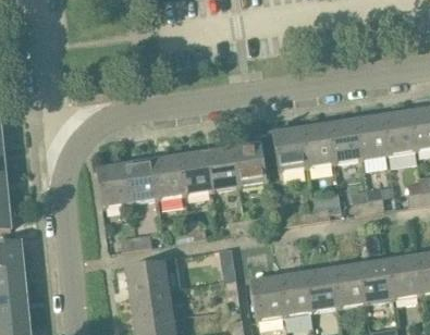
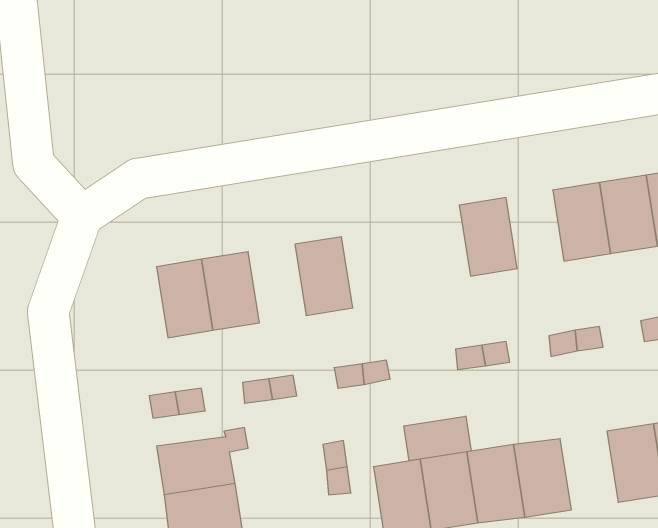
building: [328,116,361,162] -> none
building: [272,125,307,171] -> none
building: [232,139,267,185] -> none
building: [177,148,211,194] -> none
building: [96,161,131,207] -> none
building: none -> [404,416,471,461]
building: [359,257,393,302] -> none

